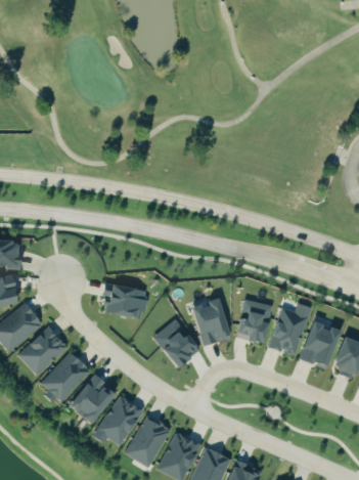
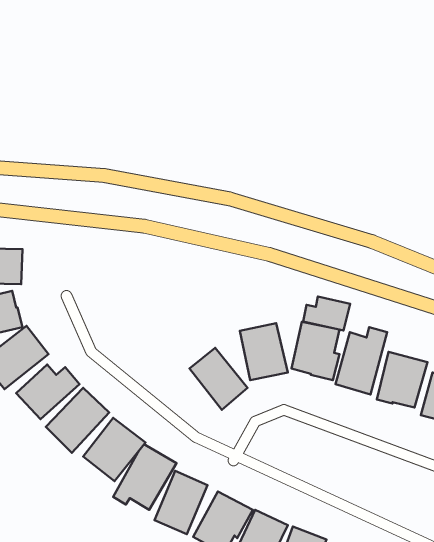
building: none -> [303,296,350,331]
building: [100,281,146,317] -> none

